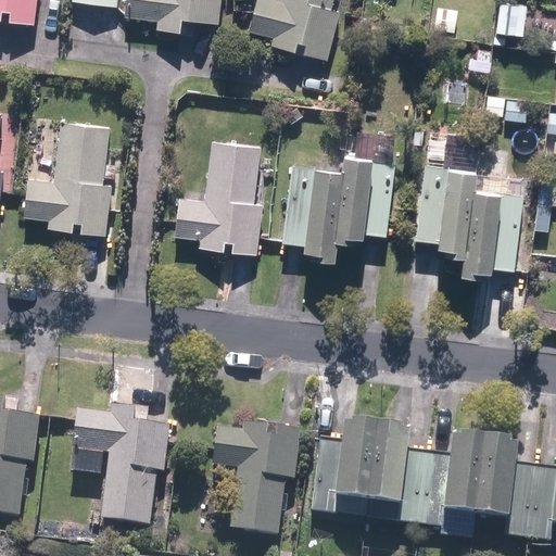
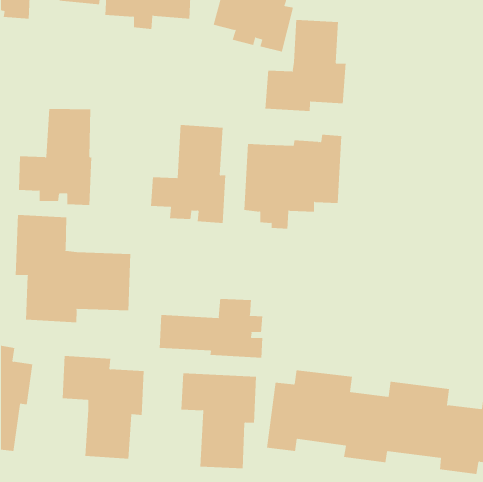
building: none -> [265,19,346,112]
building: [413,129,528,281] -> none
building: none -> [15,214,131,323]
building: none -> [159,298,263,359]

